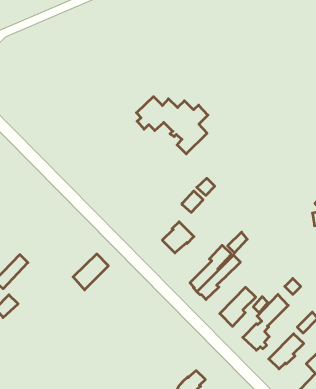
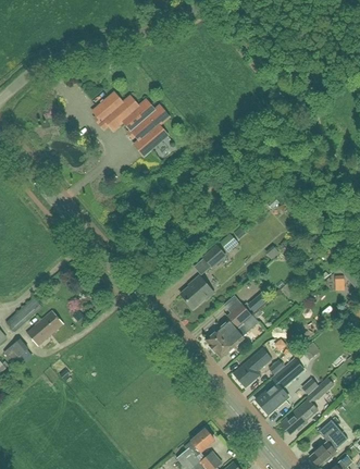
building: [136,97,208,154] -> [96,92,169,153]
building: [73,254,108,290] -> [26,310,63,346]

